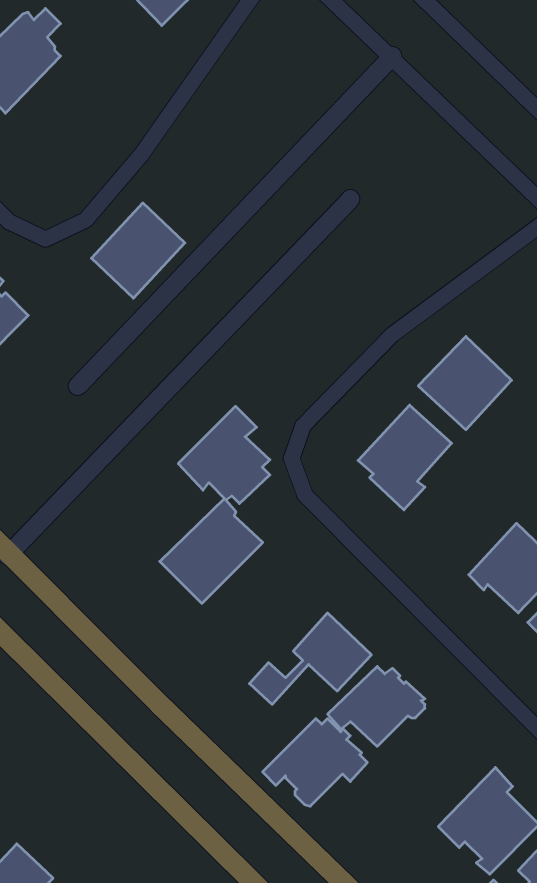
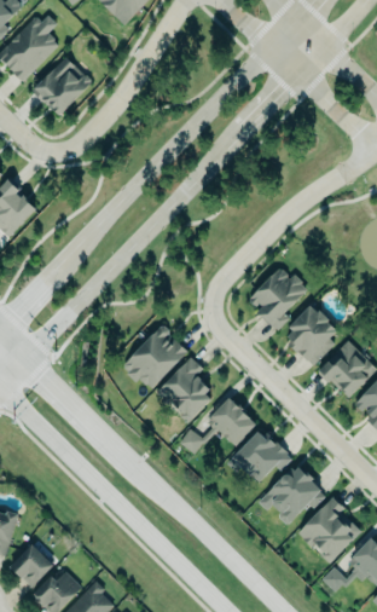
building: [91,203,185,298] -> [31,56,91,116]
building: [418,336,512,430] -> [280,305,340,364]
building: [178,406,270,504] -> [153,354,211,416]
building: [263,719,367,806] -> [259,467,325,522]

